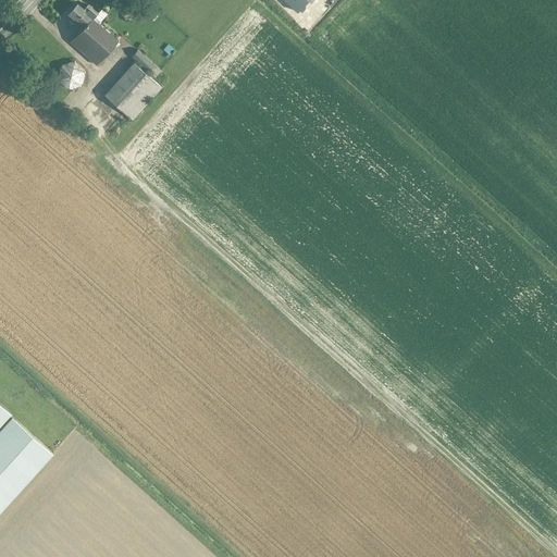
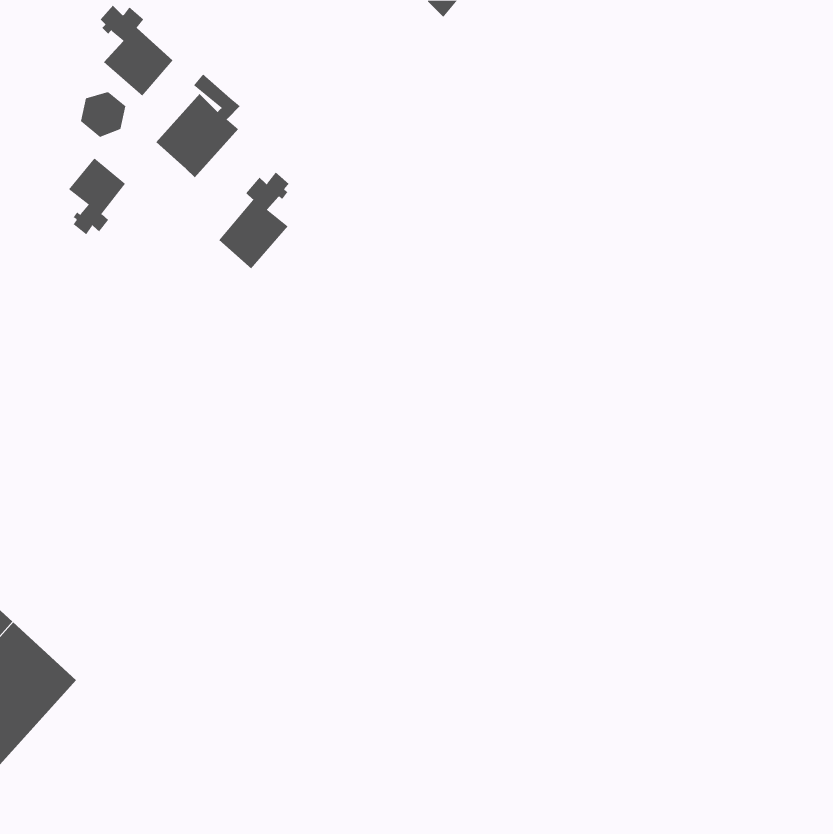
building: none -> [68,158,126,235]
building: none -> [219,172,289,269]

